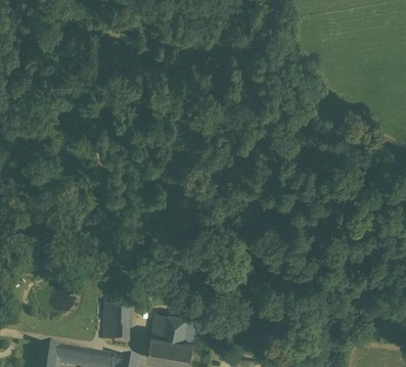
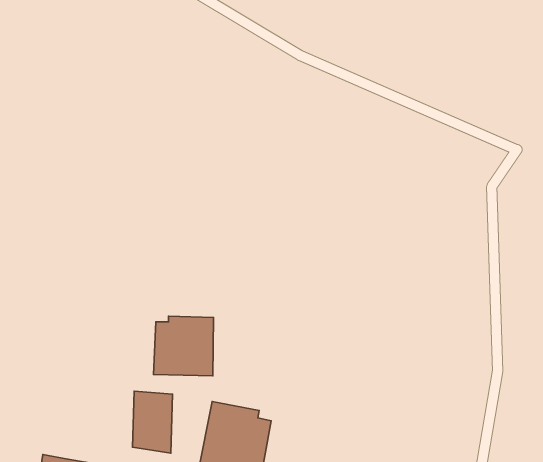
building: none -> [154,316,214,376]

